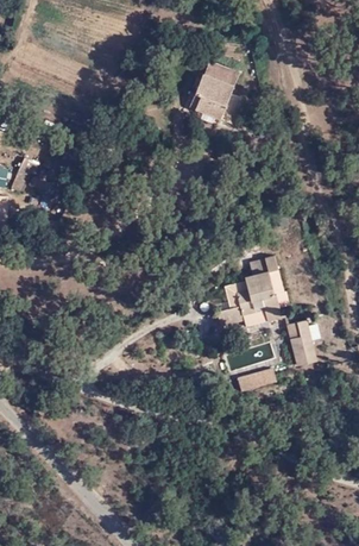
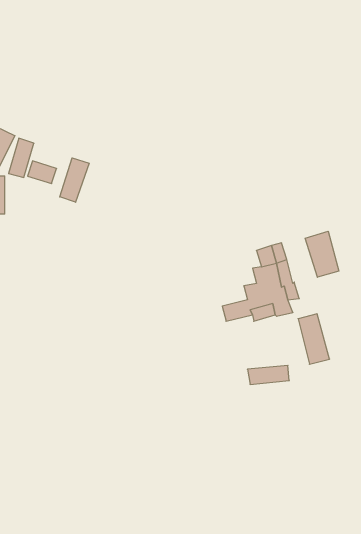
building: [190,61,240,123] -> none
building: none -> [60,158,89,202]
building: none -> [305,231,339,277]

